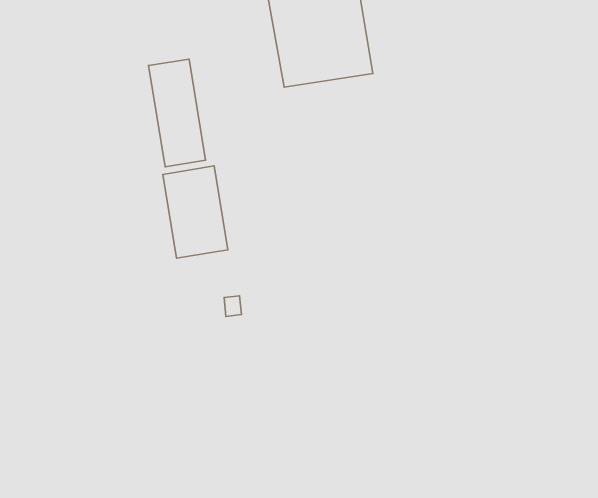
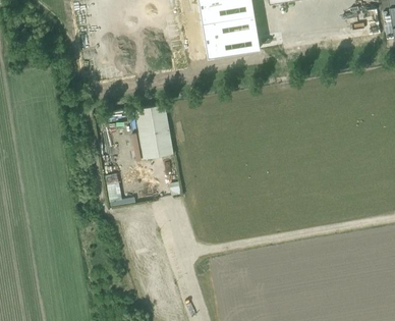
building: [149,59,206,167] -> none

